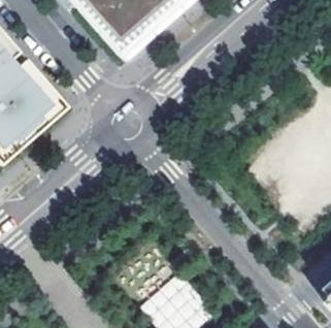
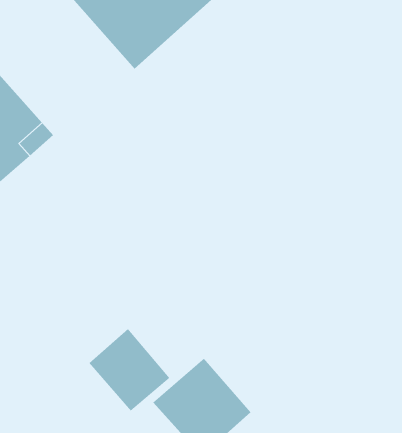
building: none -> [89,328,170,412]

